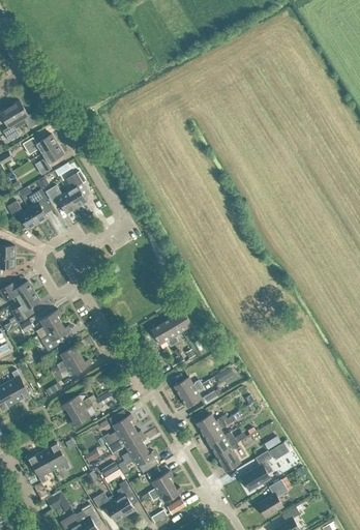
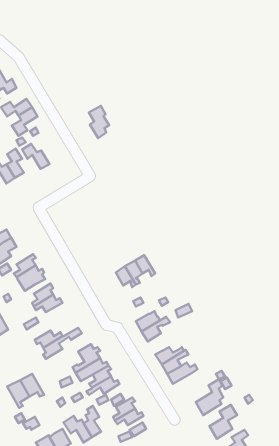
building: [66,172,89,208] -> [89,106,109,138]
building: [215,443,241,472] -> none

